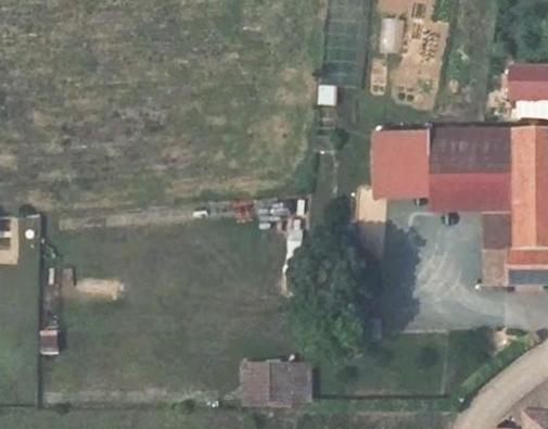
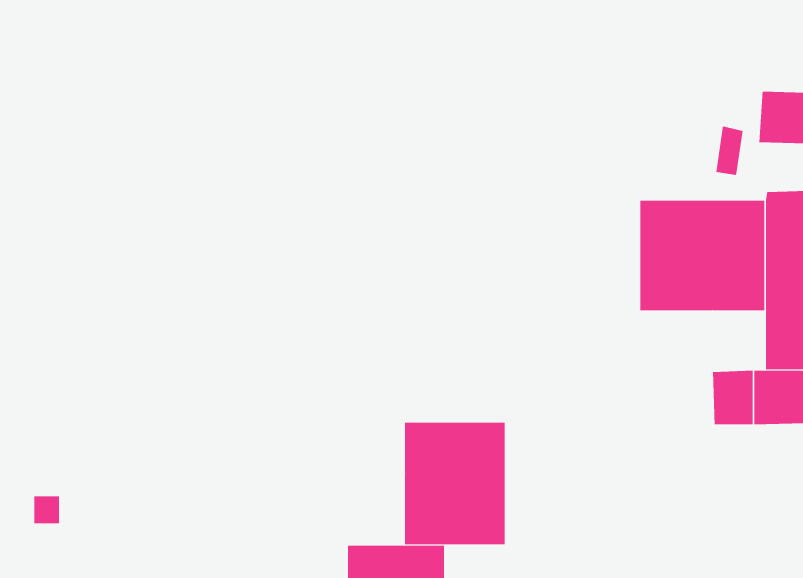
building: [375,131,432,195] -> none
building: [485,209,520,249] -> none
building: none -> [405,422,505,545]

